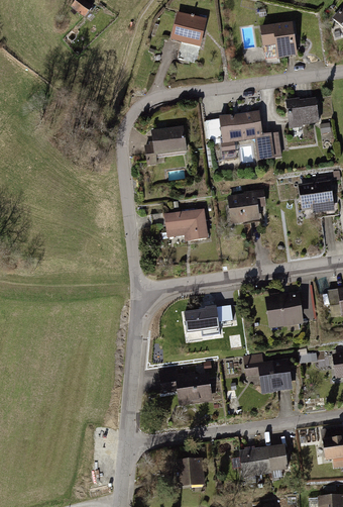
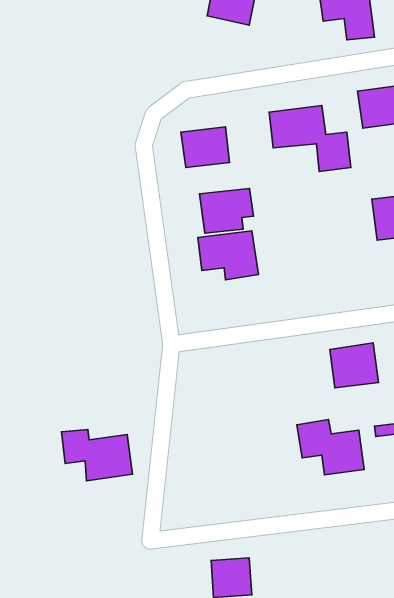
building: [226,191,267,225] -> [200,188,254,233]
building: [183,304,223,339] -> none
building: [158,368,213,407] -> [61,429,133,481]
building: [238,445,287,481] -> none

